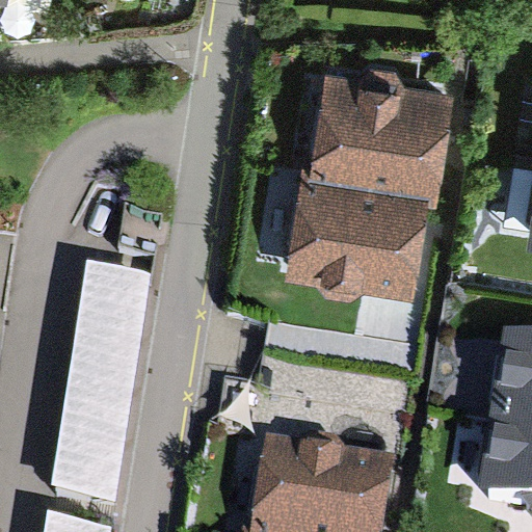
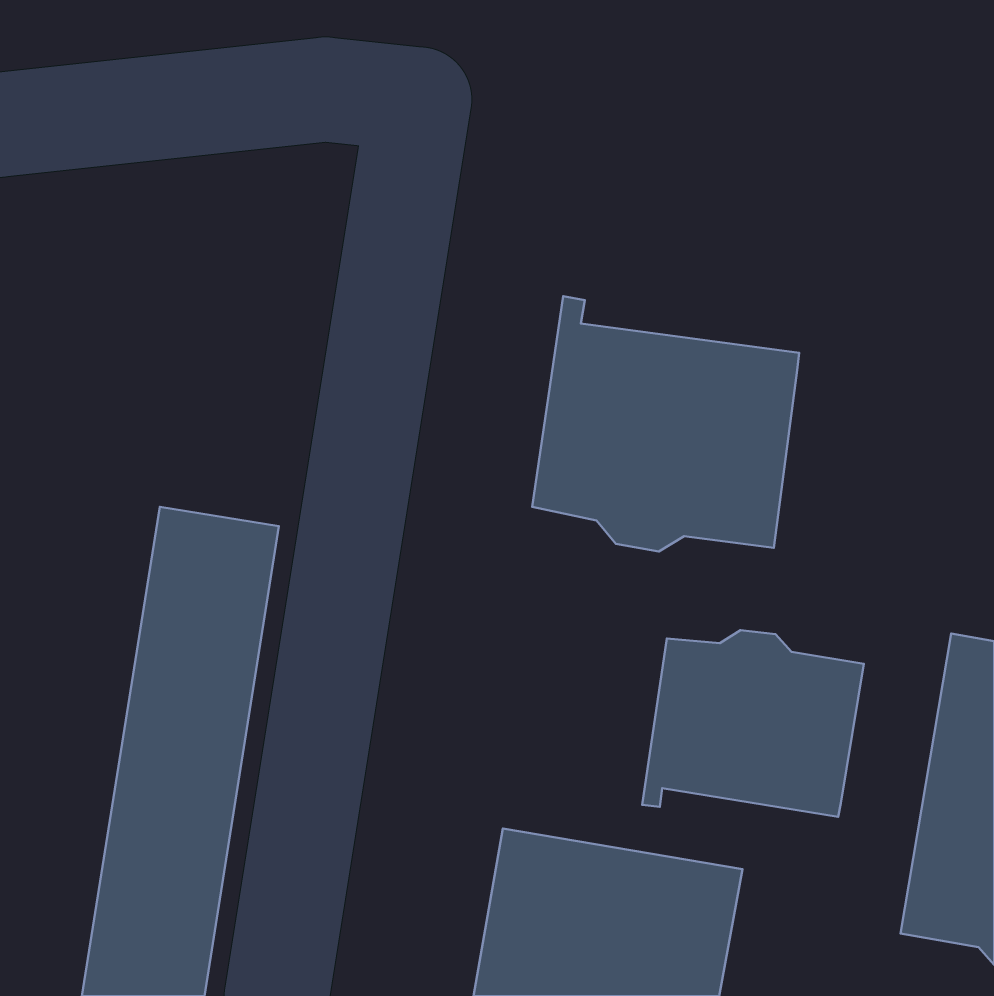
building: [310,63,454,198] -> none
building: none -> [642,630,864,817]

